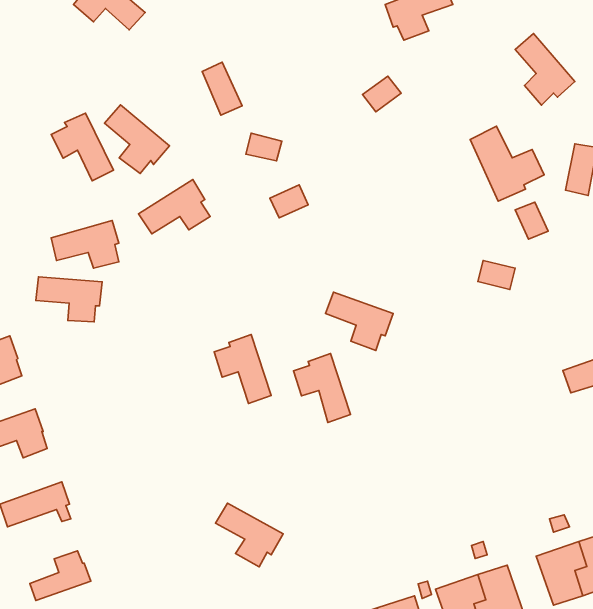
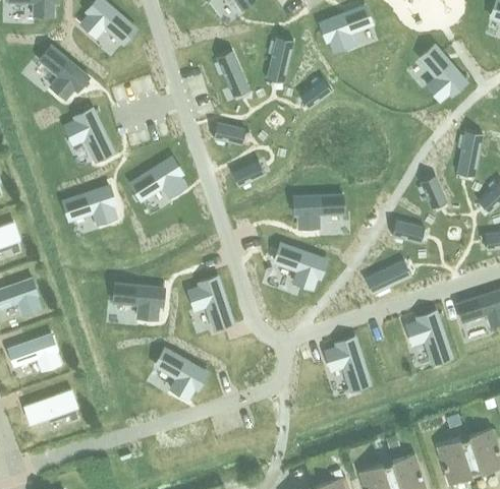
building: none -> [268,37,293,76]
building: [202,62,242,115] -> [216,50,246,90]
building: [105,105,169,174] -> [39,46,89,99]
building: [470,126,544,201] -> none
building: none -> [293,194,343,228]
building: [36,277,102,322] -> [113,284,164,318]
building: none -> [365,263,405,295]
building: [293,353,350,422] -> [325,338,369,390]
building: none -> [406,311,450,363]
building: [216,503,283,567] -> [155,350,207,399]
building: [30,551,91,601] -> none

